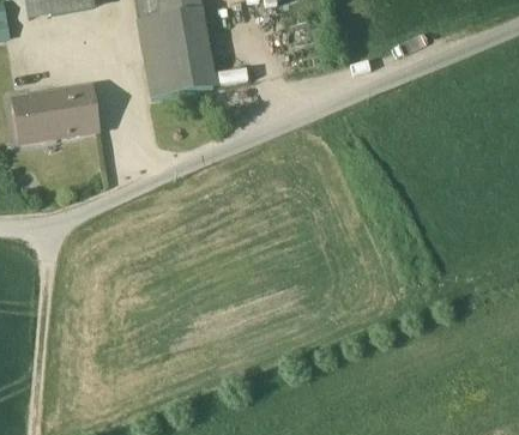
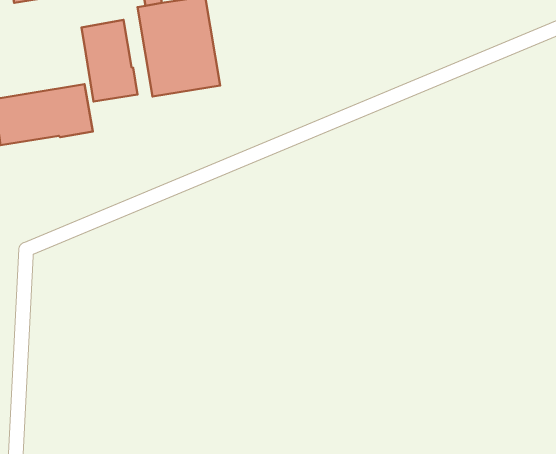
building: none -> [81,20,137,101]

